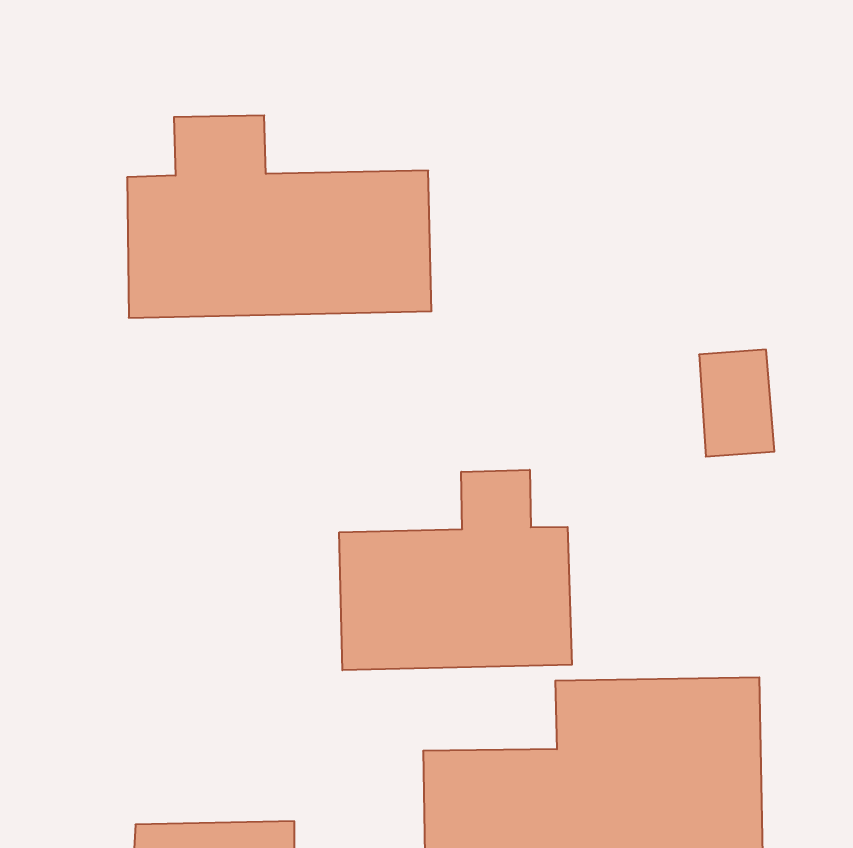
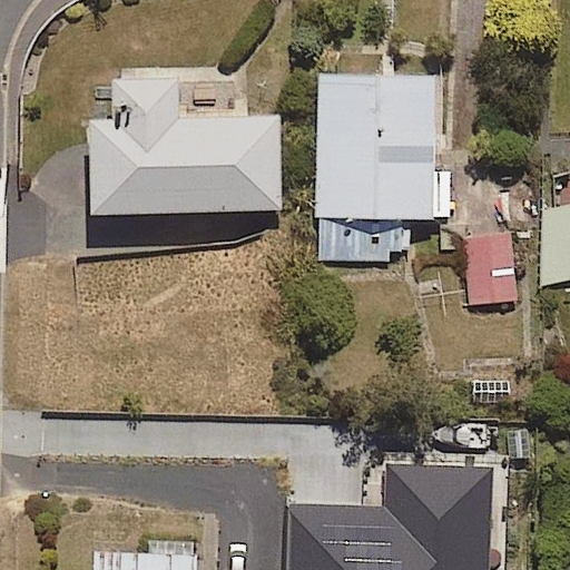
building: none -> [313,71,452,262]
building: [339,470,572,670] -> none

